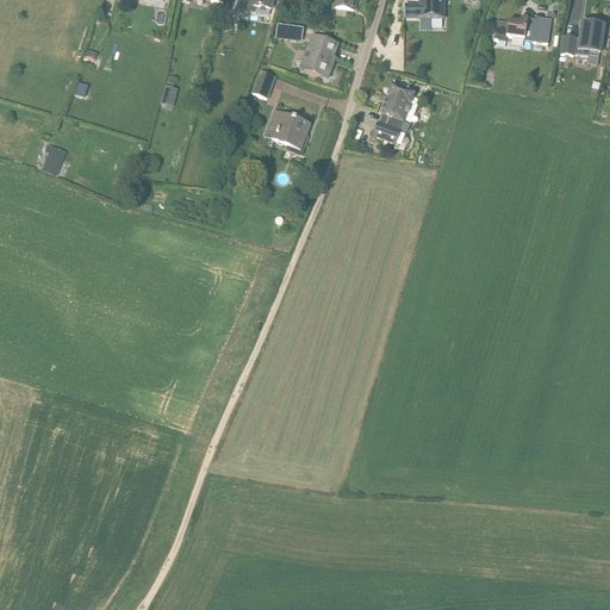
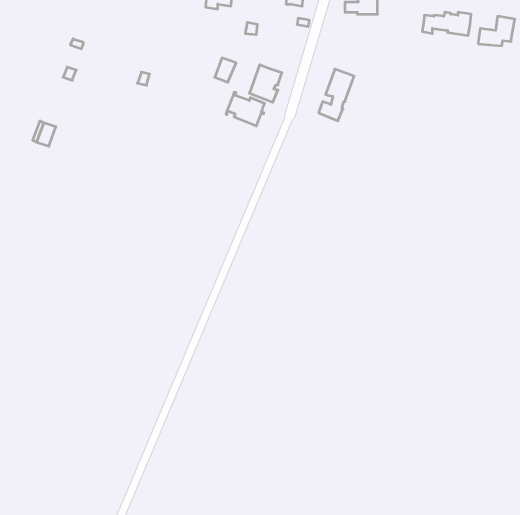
building: [299,32,337,76] -> [249,65,282,102]

